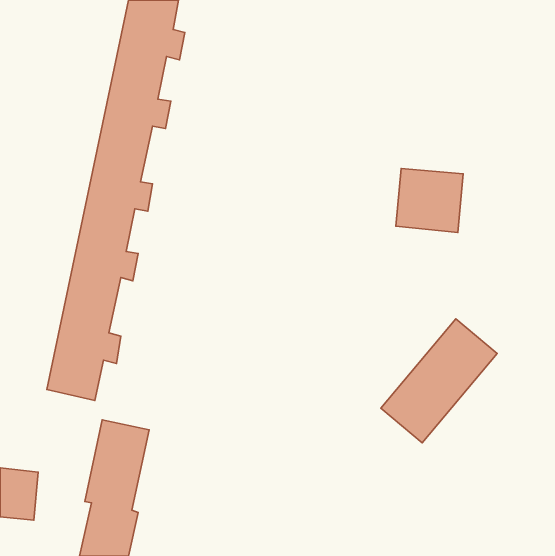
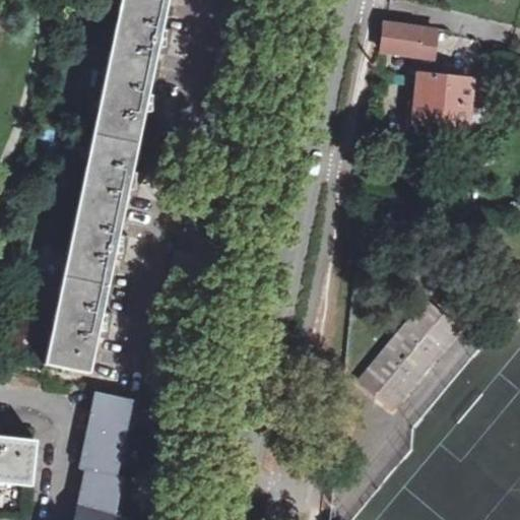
building: none -> [377,17,438,59]
building: [396,168,463,233] -> [409,70,472,130]

